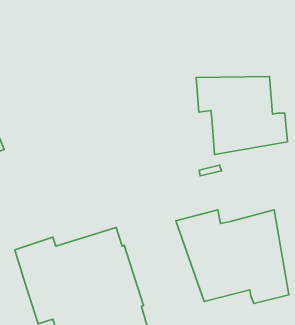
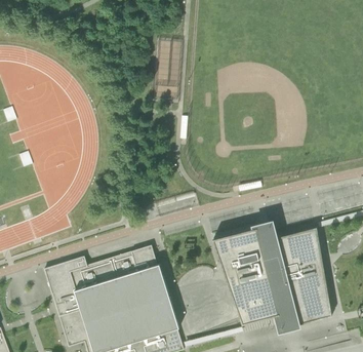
building: [196,76,287,154] -> none

